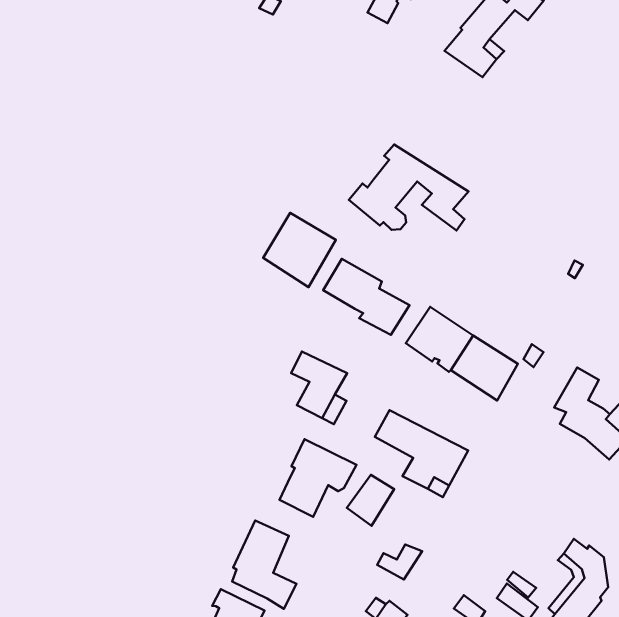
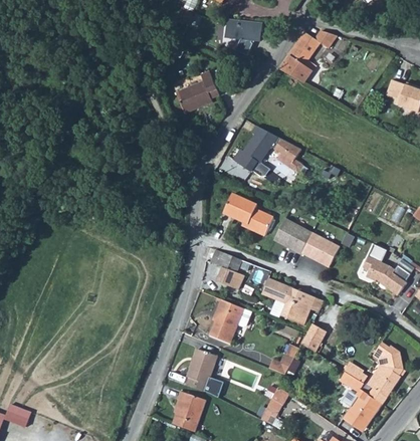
building: none -> [175,71,219,114]
building: [263,213,336,287] -> none
building: [347,475,394,526] -> [300,323,327,353]

